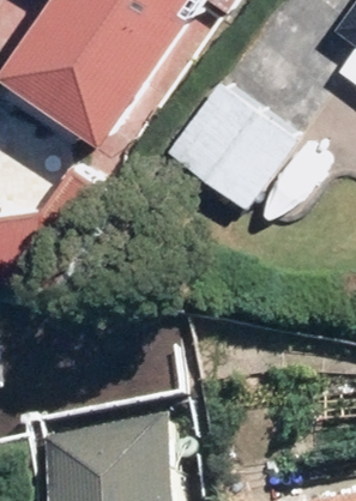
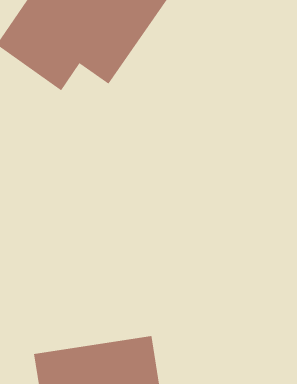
building: [168,78,300,206] -> none

